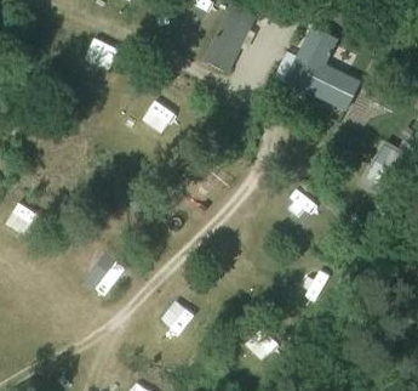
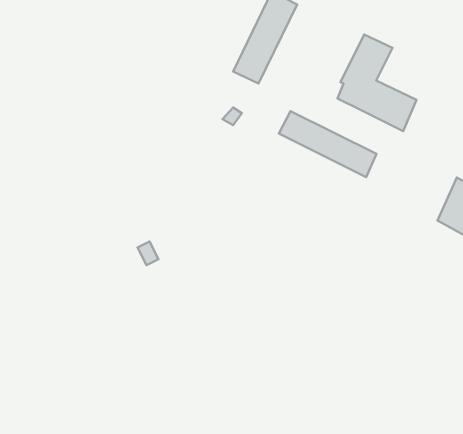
building: none -> [279,111,377,177]

